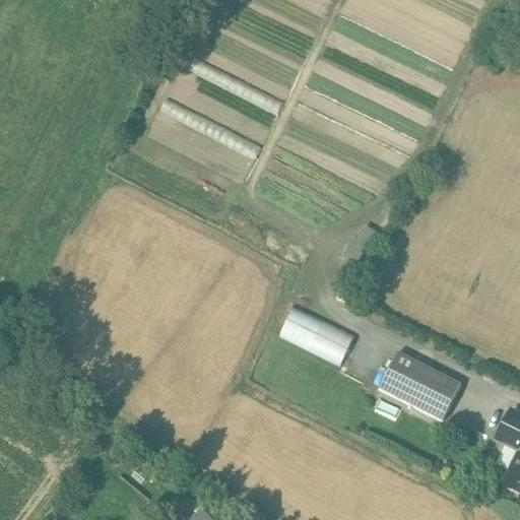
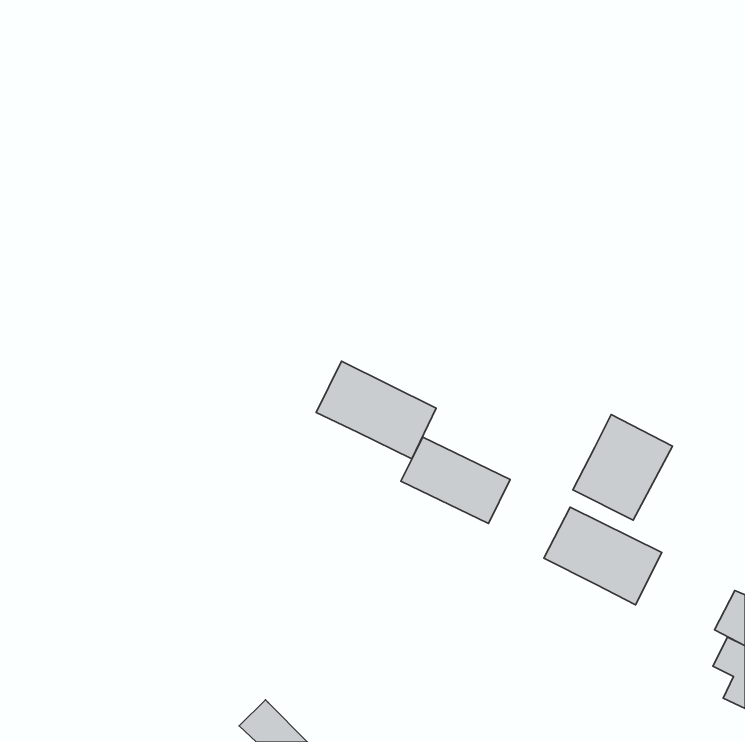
building: none -> [316,361,436,459]
building: none -> [573,415,672,520]

